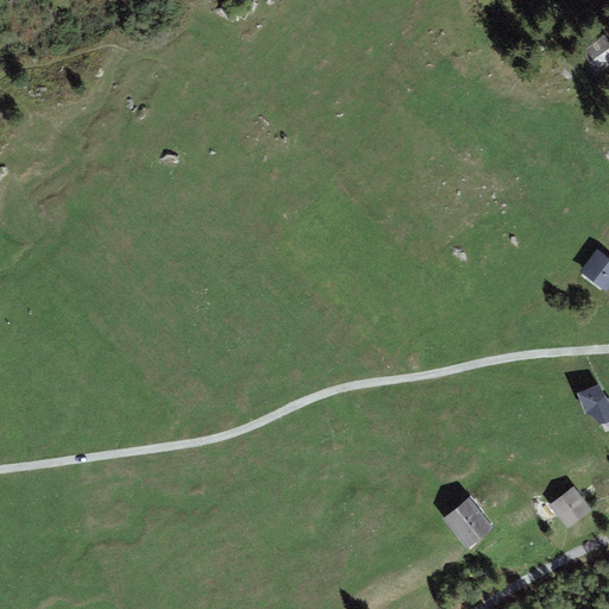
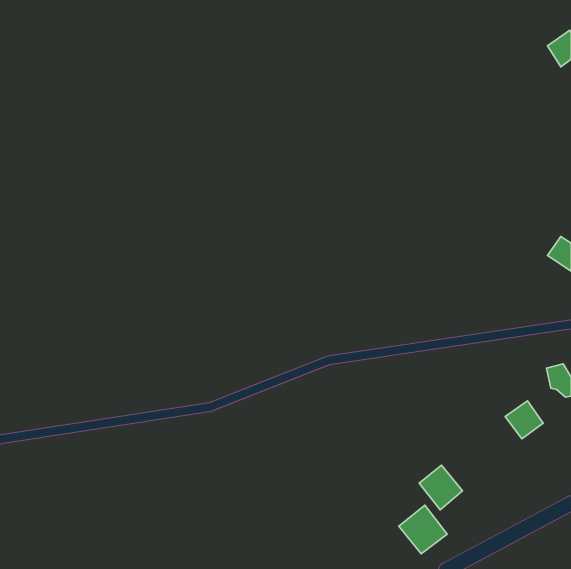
building: [550,486,590,527] -> [505,401,543,439]
building: none -> [399,505,447,554]

